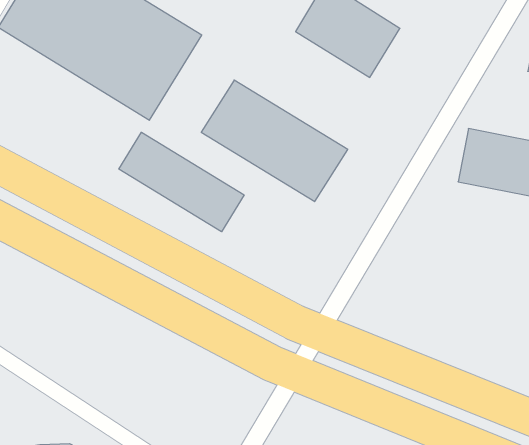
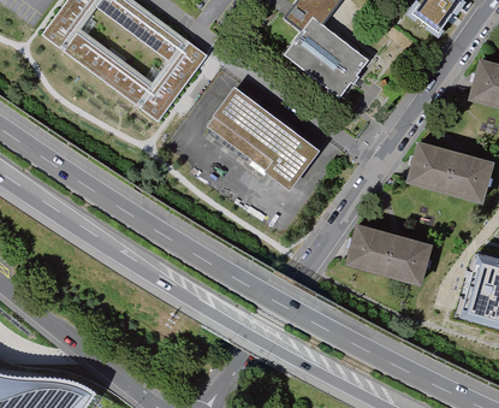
building: [119,132,244,232] -> none
building: none -> [340,229,432,294]

